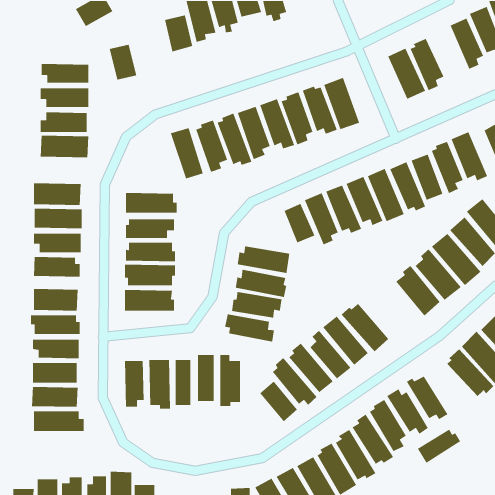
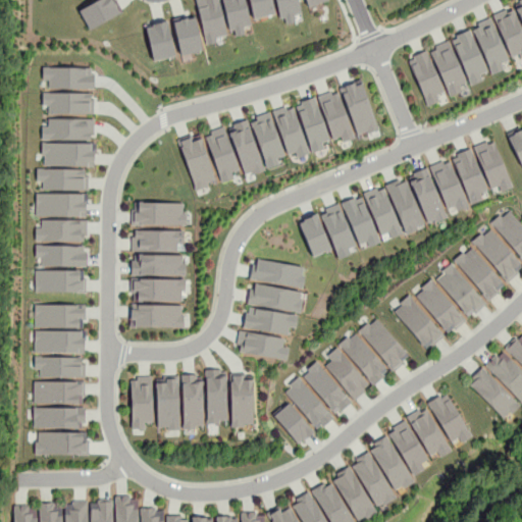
building: none -> [452,32,489,86]
building: [109,44,137,81] -> [147,22,176,61]
building: none -> [37,169,88,191]
building: none -> [395,294,443,350]
building: [417,429,461,464] -> none

